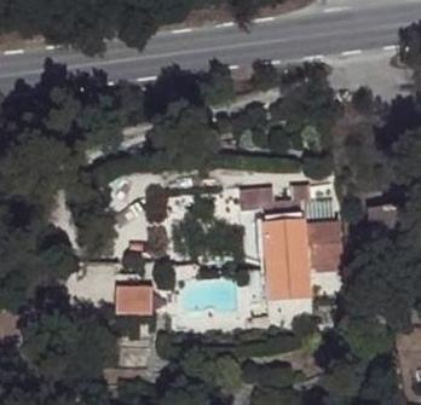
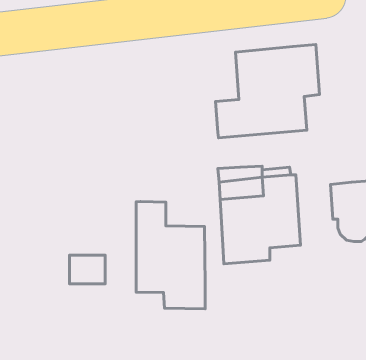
building: none -> [216,44,320,138]
building: none -> [136,201,205,309]

